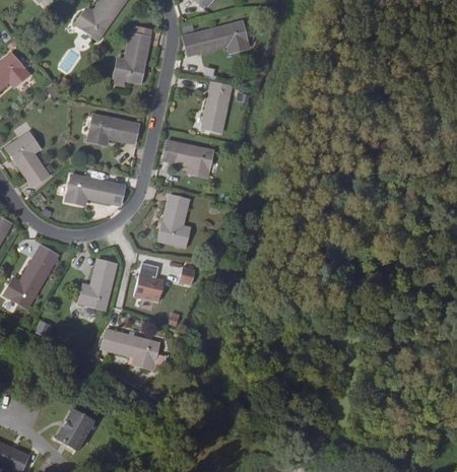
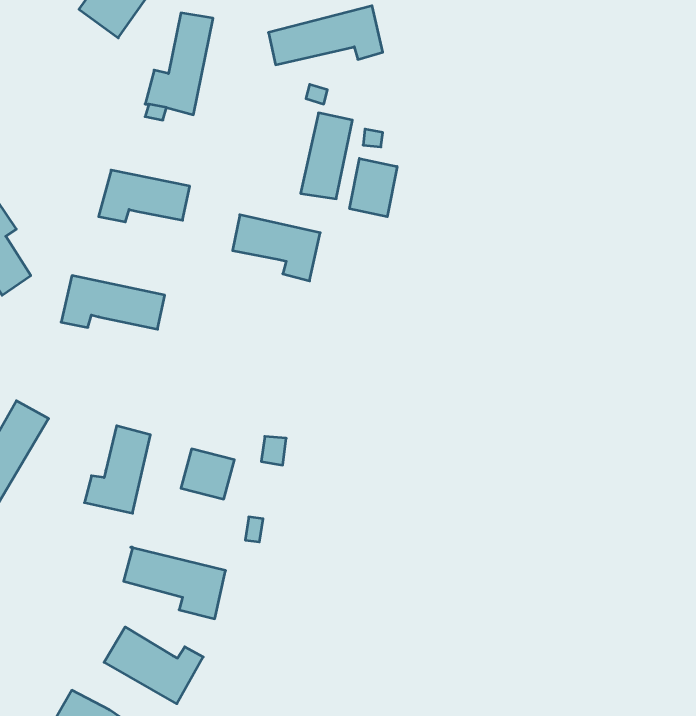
building: none -> [350,158,397,217]
building: [157,195,188,248] -> none
building: none -> [104,627,203,704]

